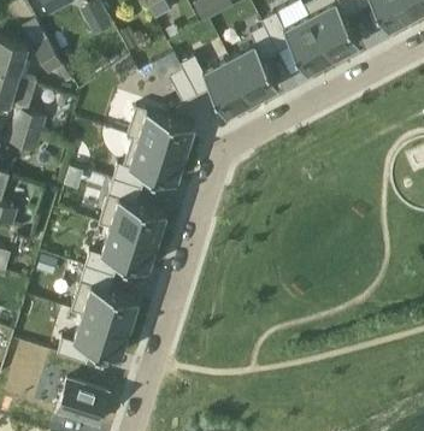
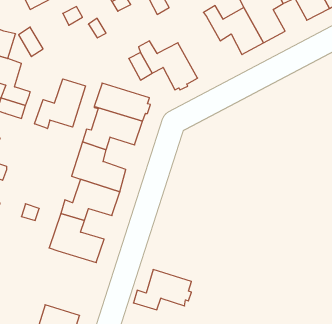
building: [229,26,281,102] -> none
building: none -> [35,79,86,129]
building: [58,314,129,364] -> [133,270,191,310]

